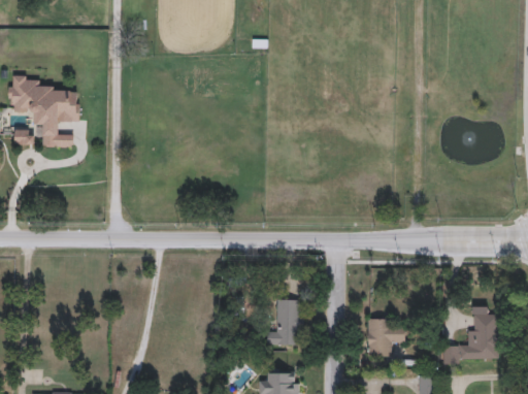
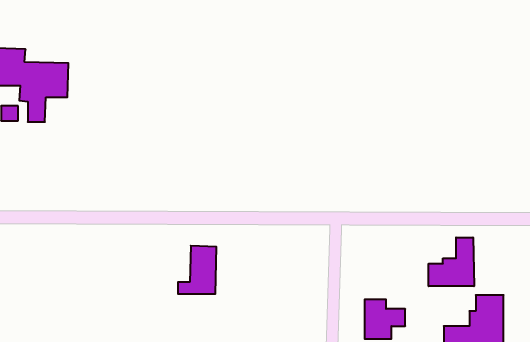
building: none -> [429,237,474,286]
building: [265,298,302,344] -> [178,246,216,294]

